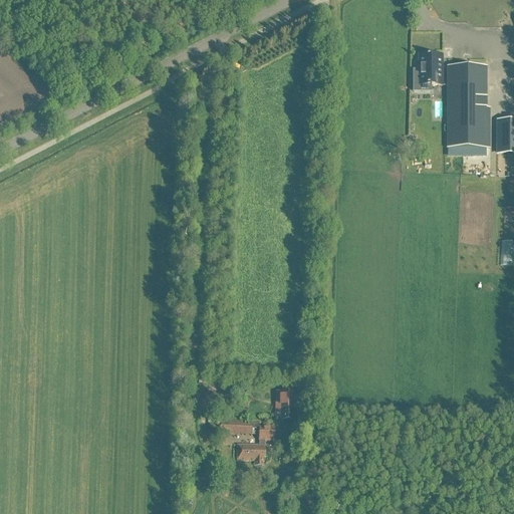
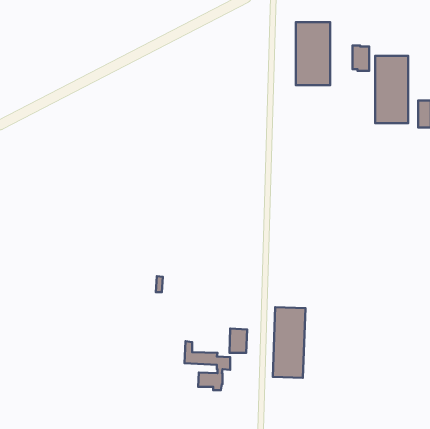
building: none -> [296,22,330,85]
building: none -> [273,307,305,378]

